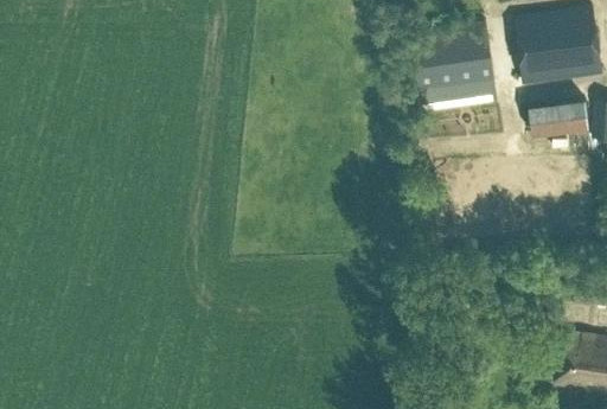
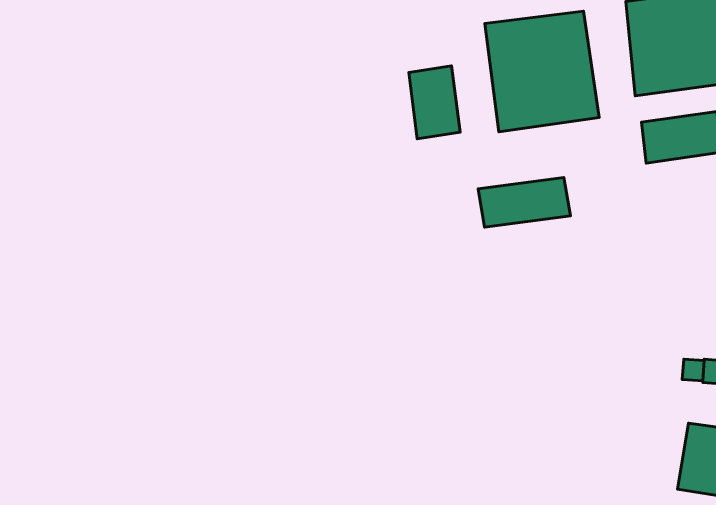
building: none -> [409,66,460,139]
building: none -> [478,178,570,227]

